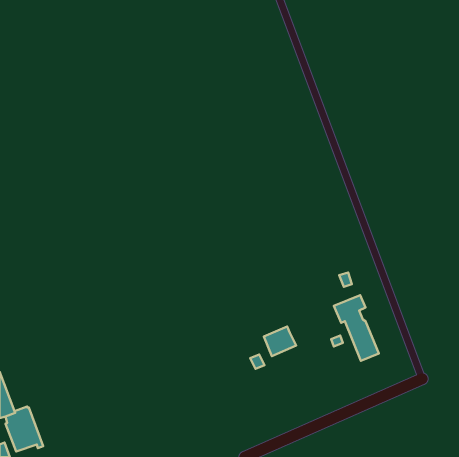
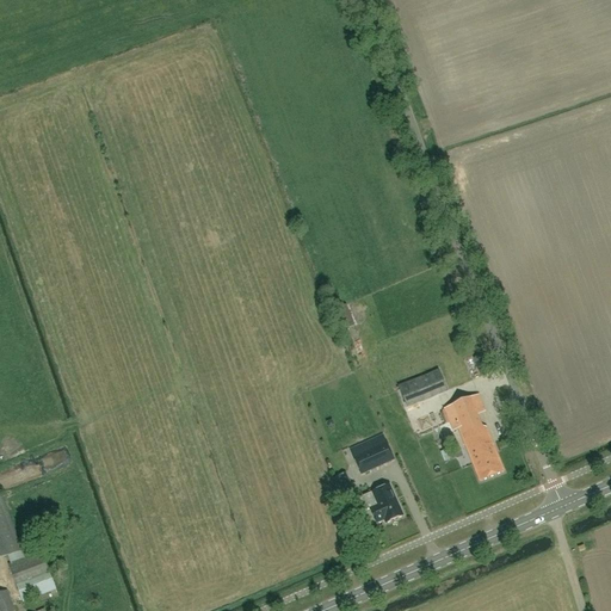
building: none -> [397,368,445,403]
building: none -> [368,482,402,521]

